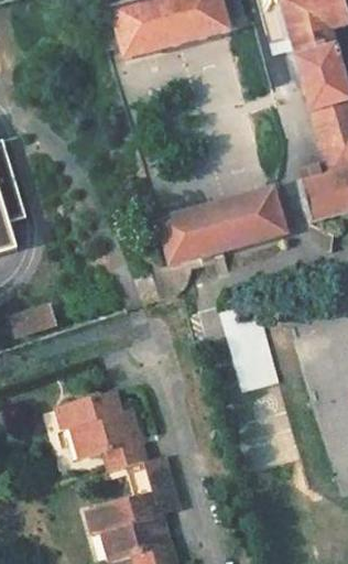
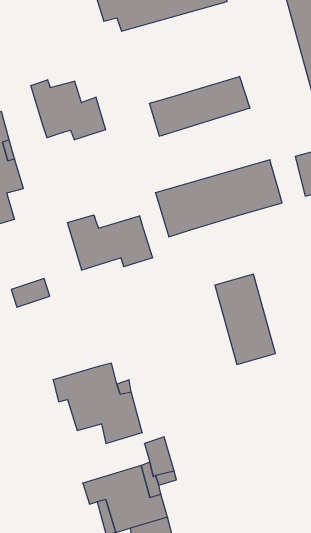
building: none -> [150,76,250,136]
building: none -> [31,80,105,140]
building: none -> [67,215,153,270]

